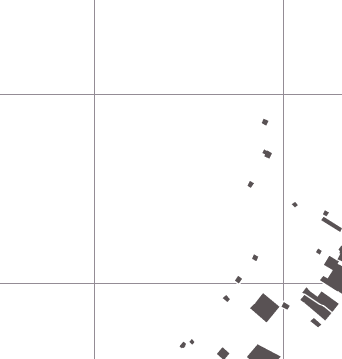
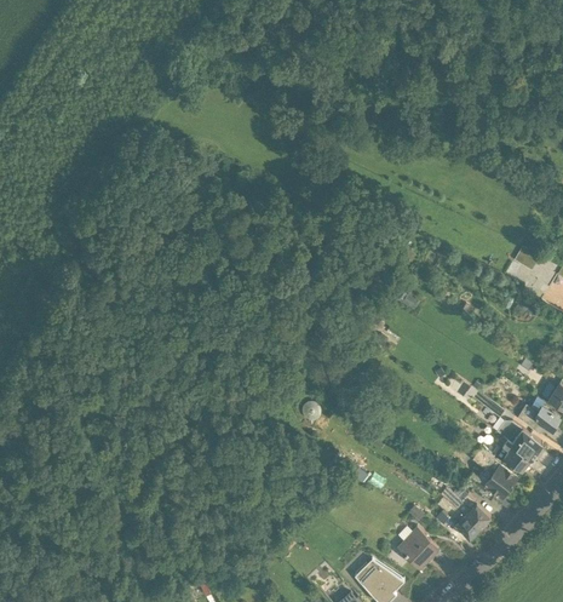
building: [249,292,280,324] -> [396,528,440,572]

